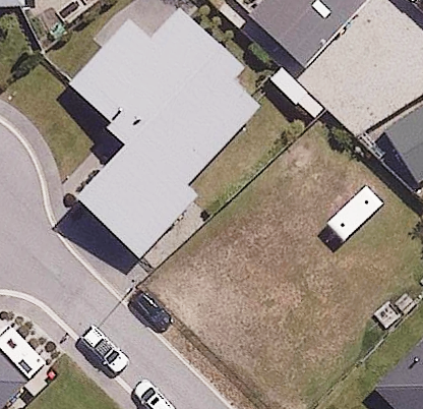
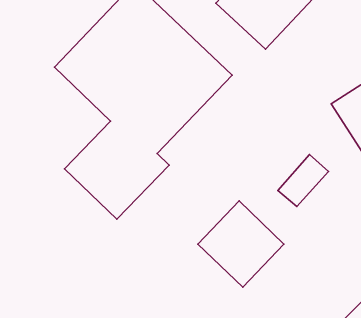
building: none -> [198,201,284,287]

